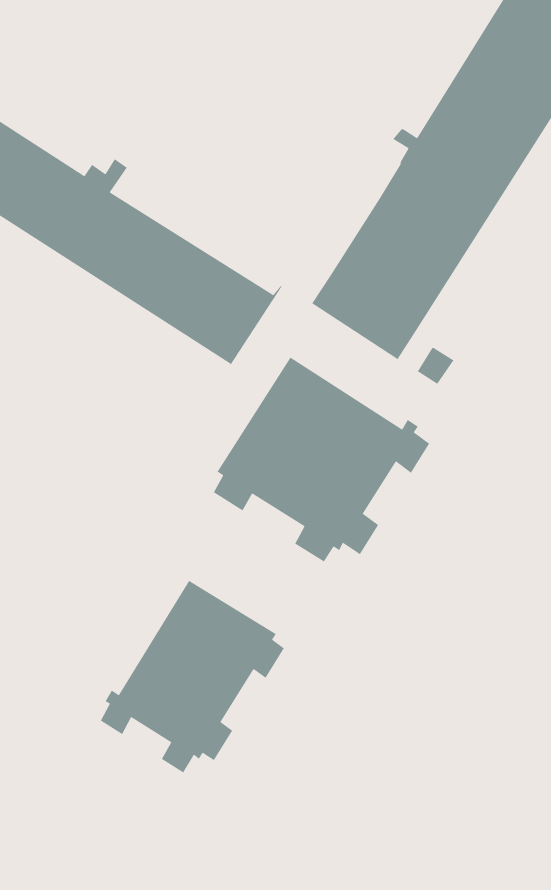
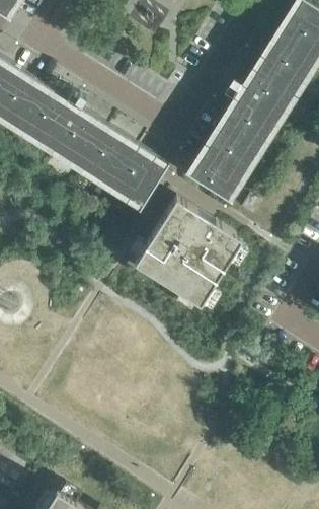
building: [100,580,285,773] -> none

